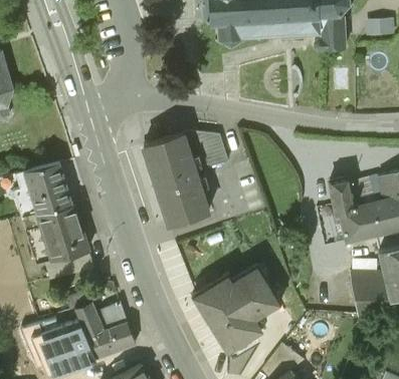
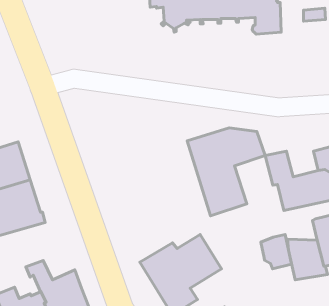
building: [146,134,230,230] -> [187,128,265,216]
building: [351,173,384,204] -> none
building: none -> [261,234,292,269]

